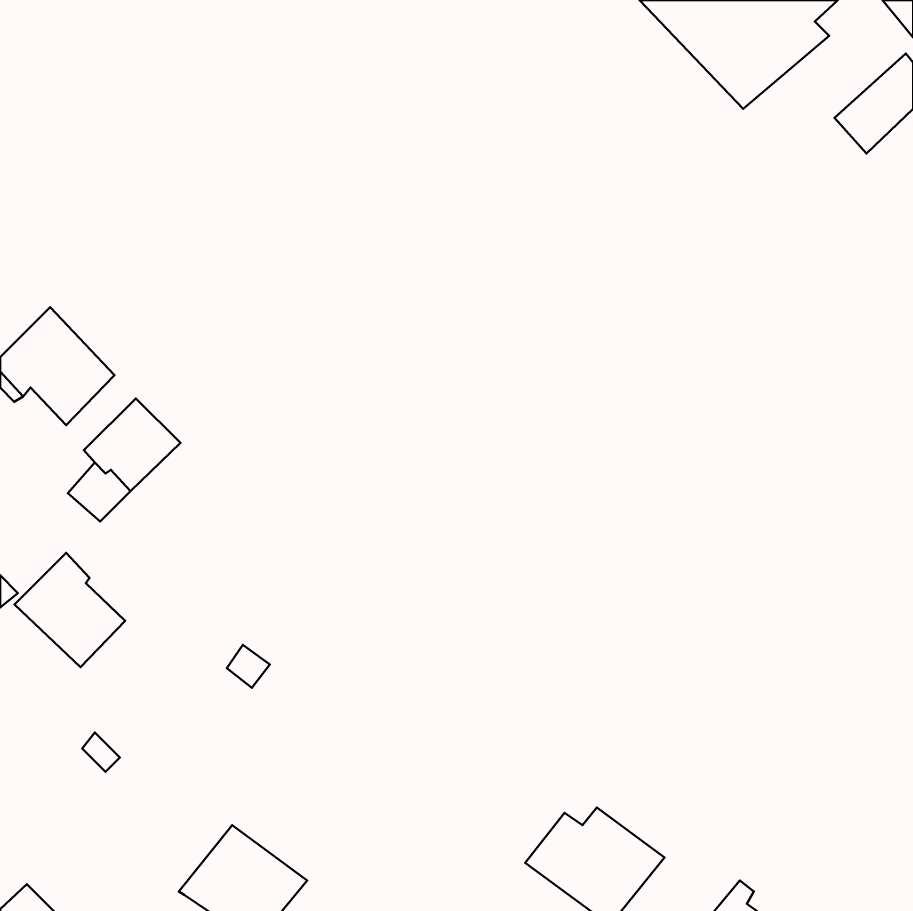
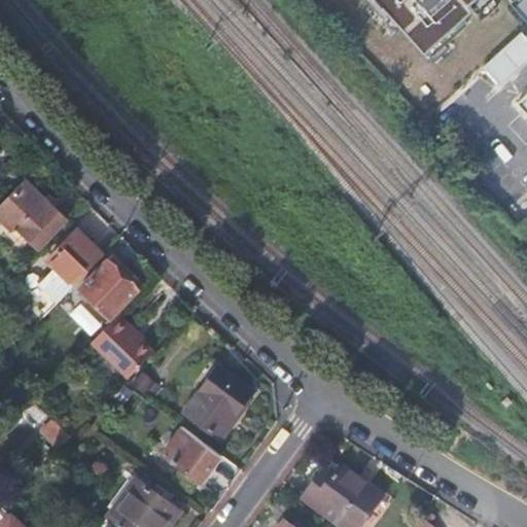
building: none -> [80,260,136,316]
building: [14,553,125,667] -> [90,312,153,378]
building: none -> [180,366,252,442]
building: none -> [163,425,220,482]

